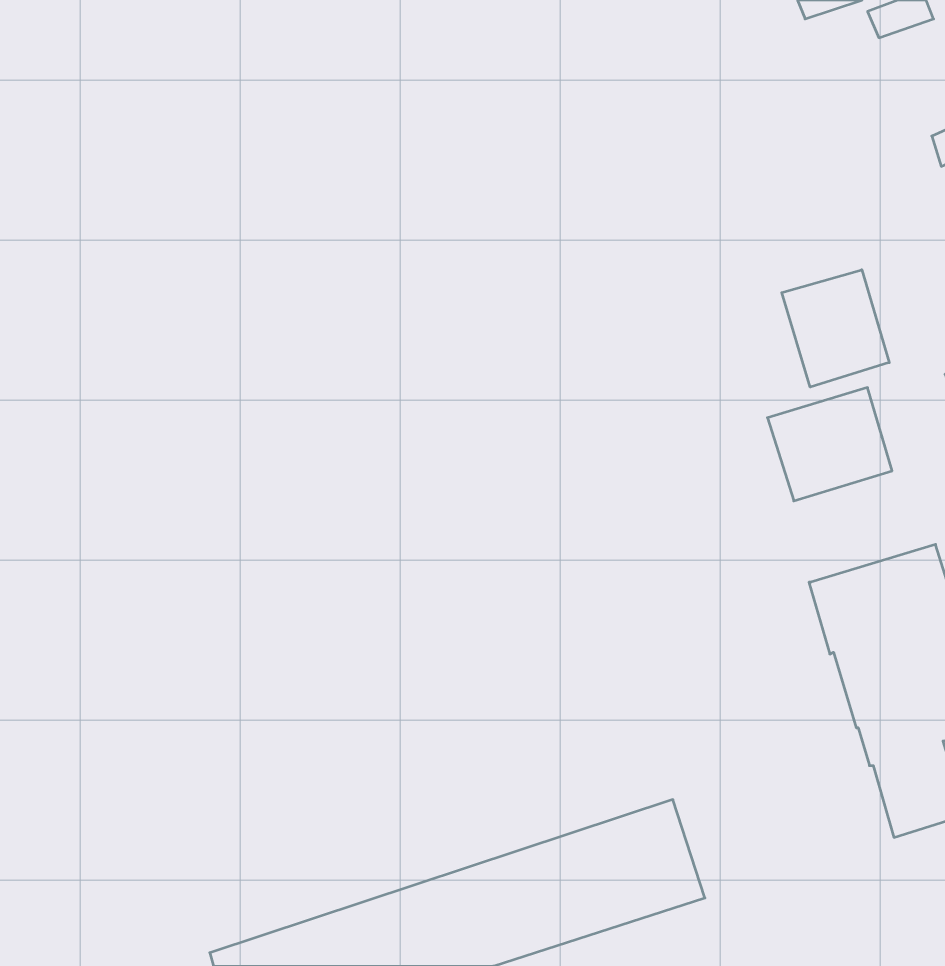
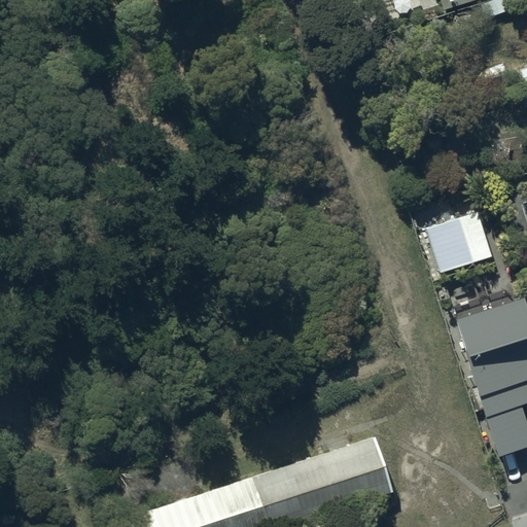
building: [782,270,889,387] -> none

